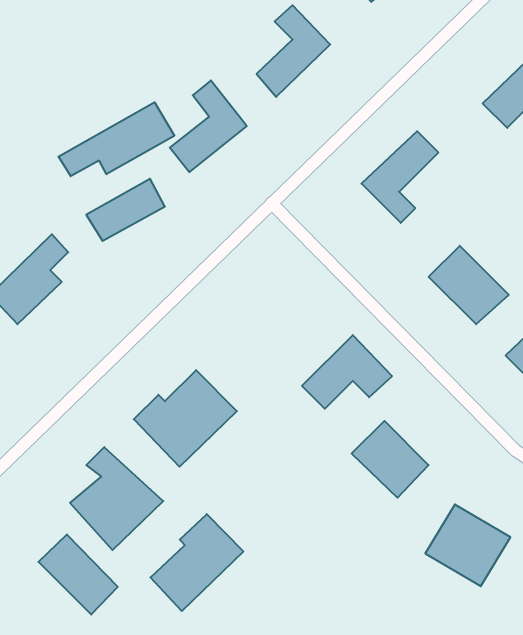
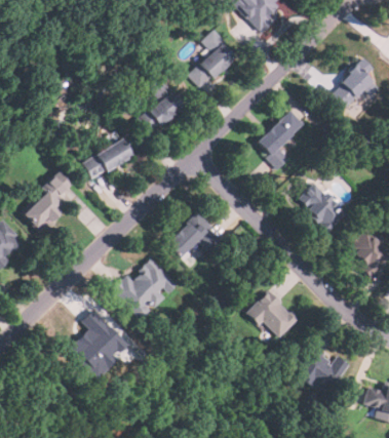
building: [58,102,174,176] -> none
building: [302,335,392,409] -> [166,212,223,258]
building: [150,514,243,611] -> none
building: [38,534,118,615] -> none

